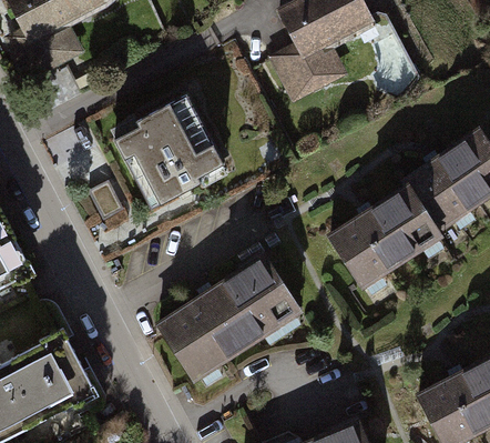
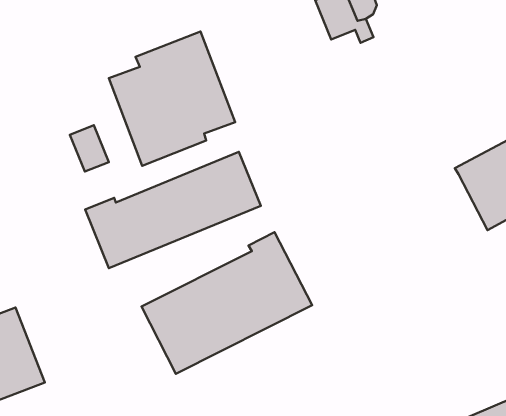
building: [330,188,439,286] -> none
building: none -> [85,152,261,268]

